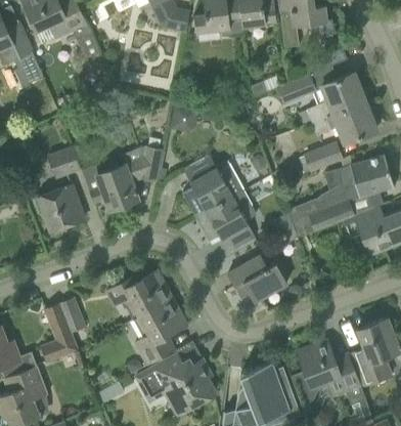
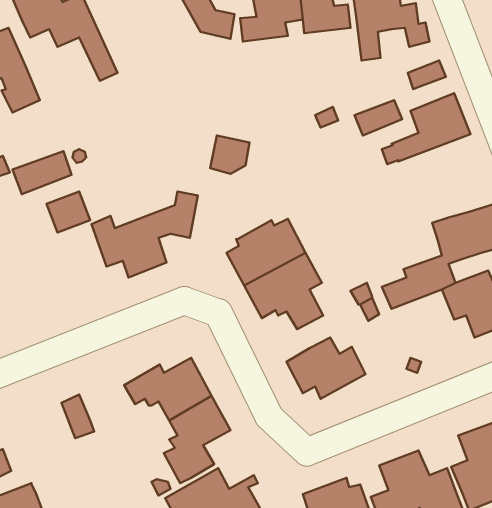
building: [312,102,376,142] -> none
building: none -> [13,151,72,194]
building: [305,143,341,171] -> none
building: [37,183,85,231] -> none
building: [43,304,77,360] -> none

